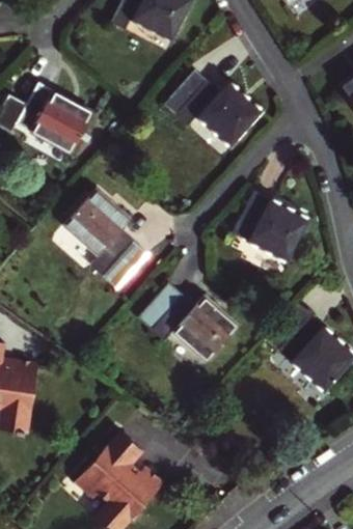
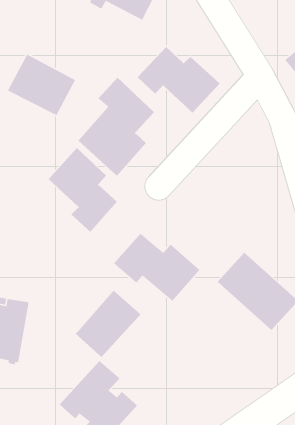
building: none -> [77,77,155,177]
building: [229,191,309,264] -> none
building: none -> [75,290,142,358]

